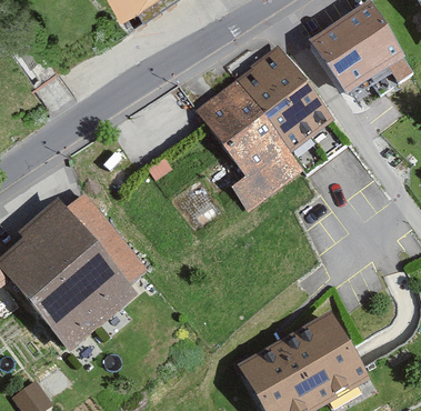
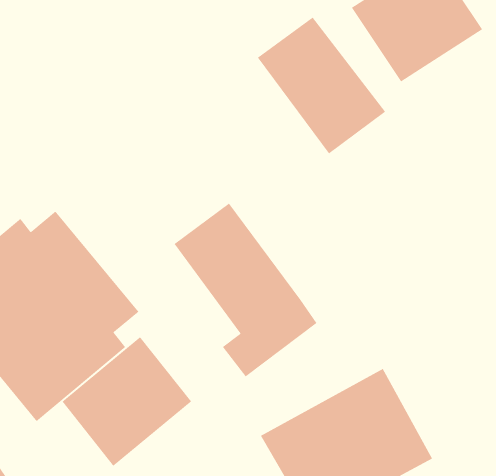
building: [194,79,303,211] -> [173,203,317,378]
building: none -> [61,336,192,467]

